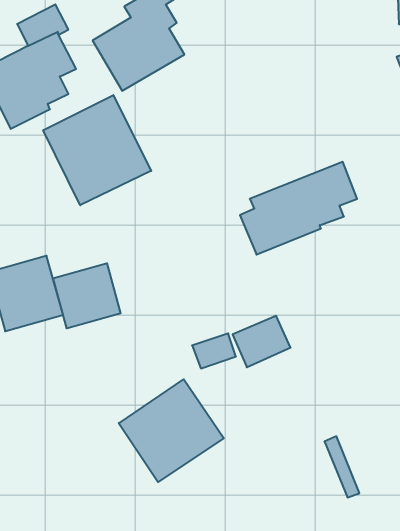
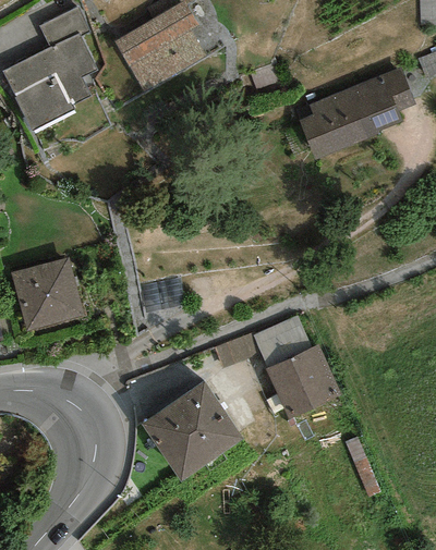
building: [43,95,151,205] -> none
building: [240,162,357,255] -> [299,66,415,159]
building: [53,263,121,328] -> none
building: none -> [266,344,341,418]

